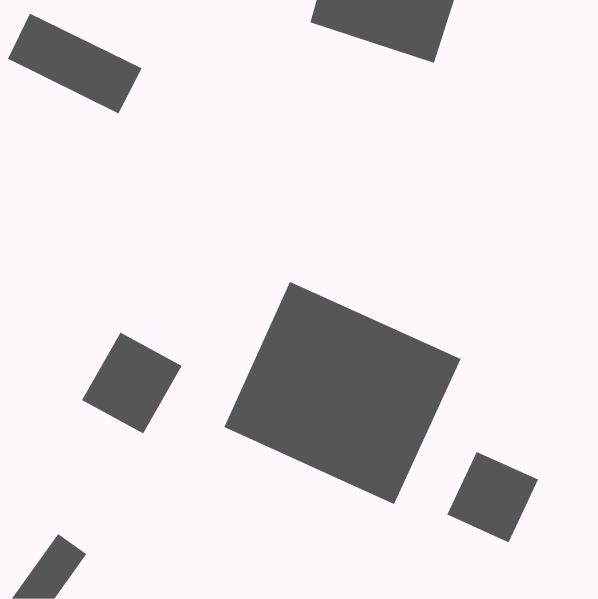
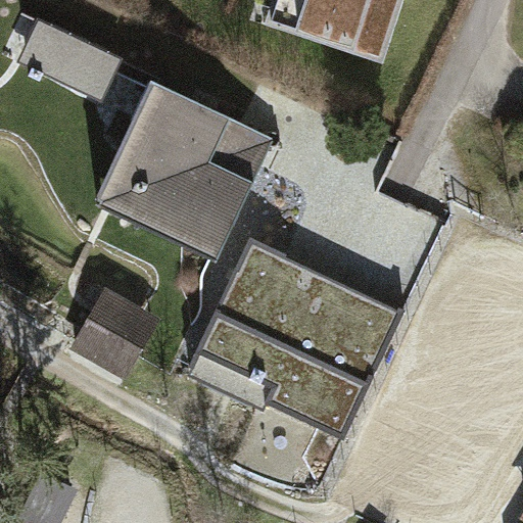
building: none -> [83,88,269,271]
building: [447,451,539,543] -> none

